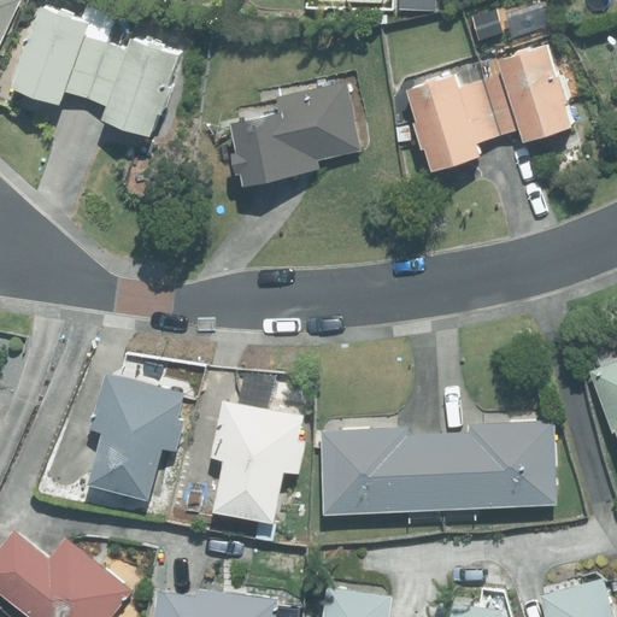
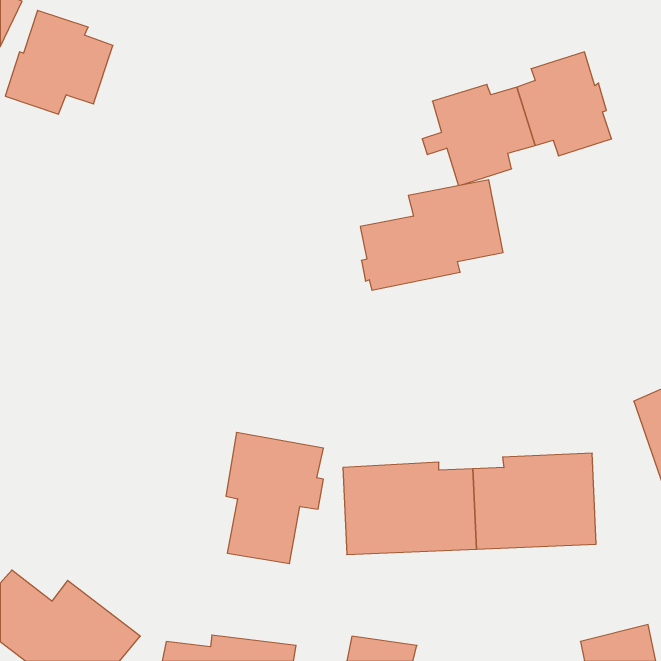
building: [89,39,174,140] -> none
building: [228,83,360,186] -> [360,180,503,290]
building: [87,374,182,503] -> none

